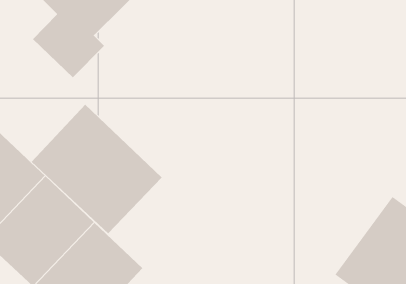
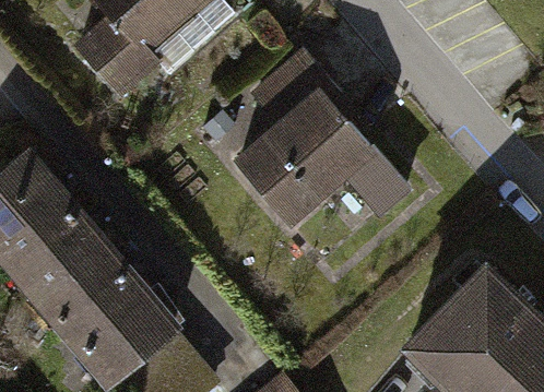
building: none -> [237,94,379,233]
building: [31,104,162,234] -> none

